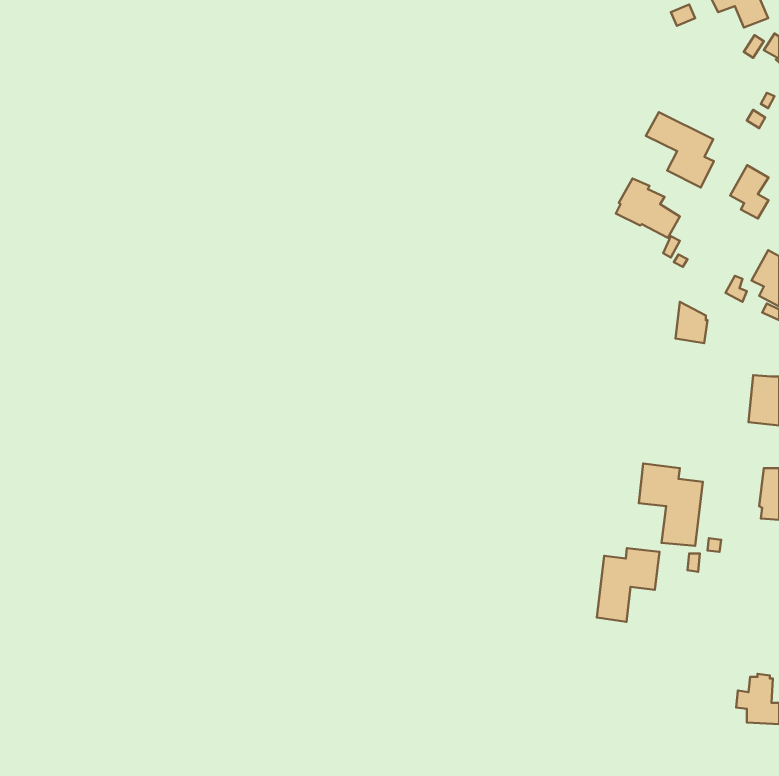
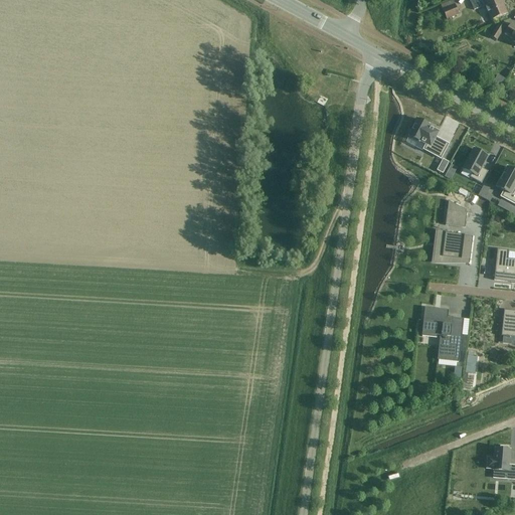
building: [646,112,714,188] -> none
building: [730,165,768,218] -> [463,147,488,182]
building: none -> [434,228,473,261]
building: [597,548,660,622] -> none

